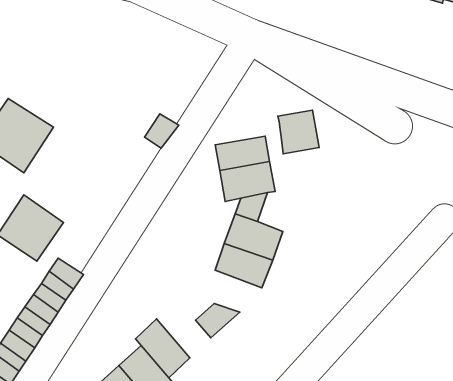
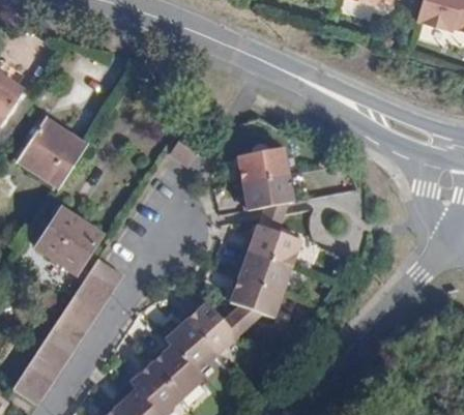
building: [278,110,319,154] -> none
building: none -> [229,277,283,321]
building: none -> [184,304,235,359]

